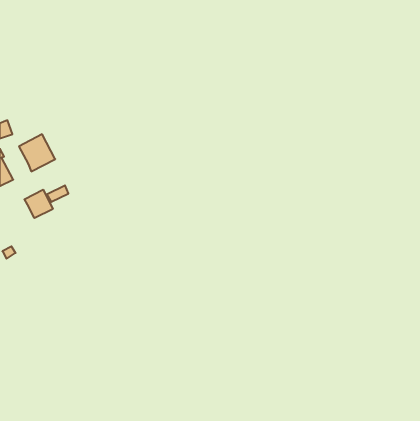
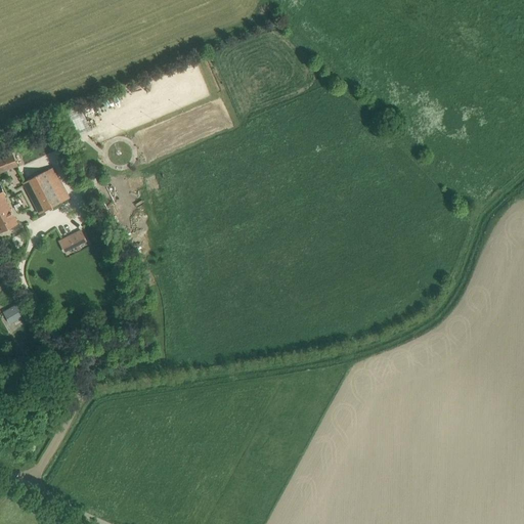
building: [24,190,53,218] -> none

